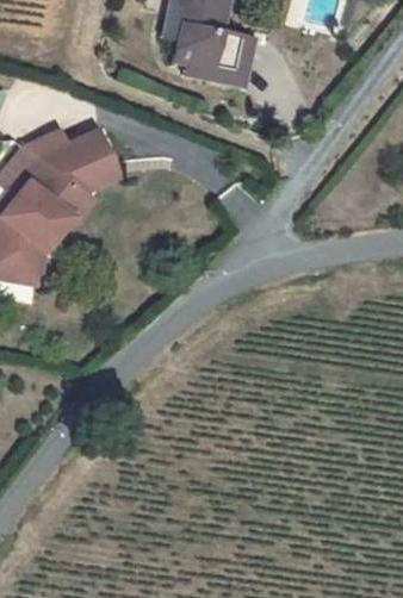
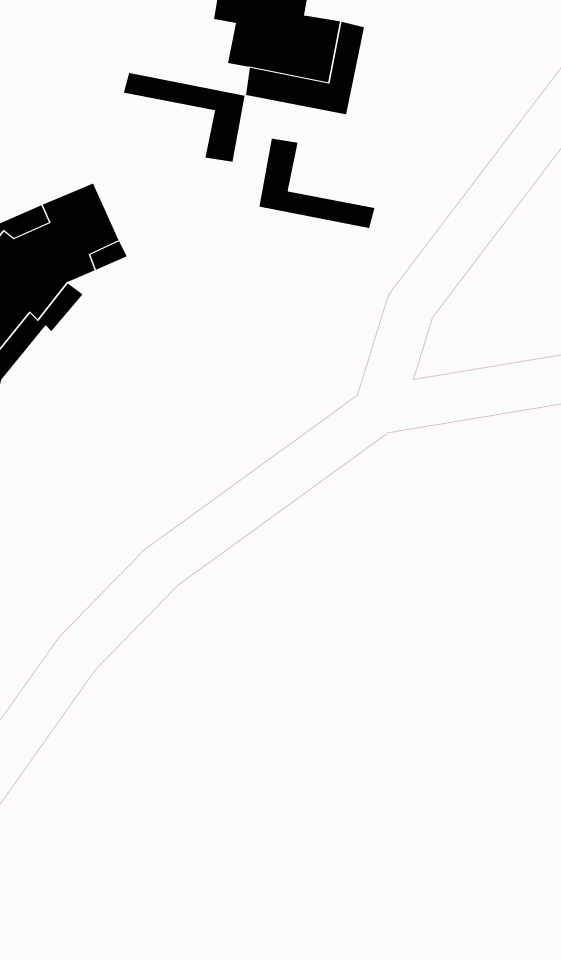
building: none -> [123,72,245,162]
building: none -> [259,138,375,229]

